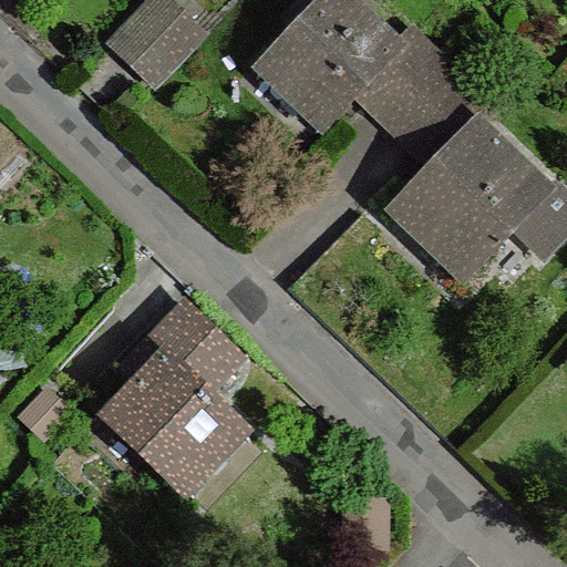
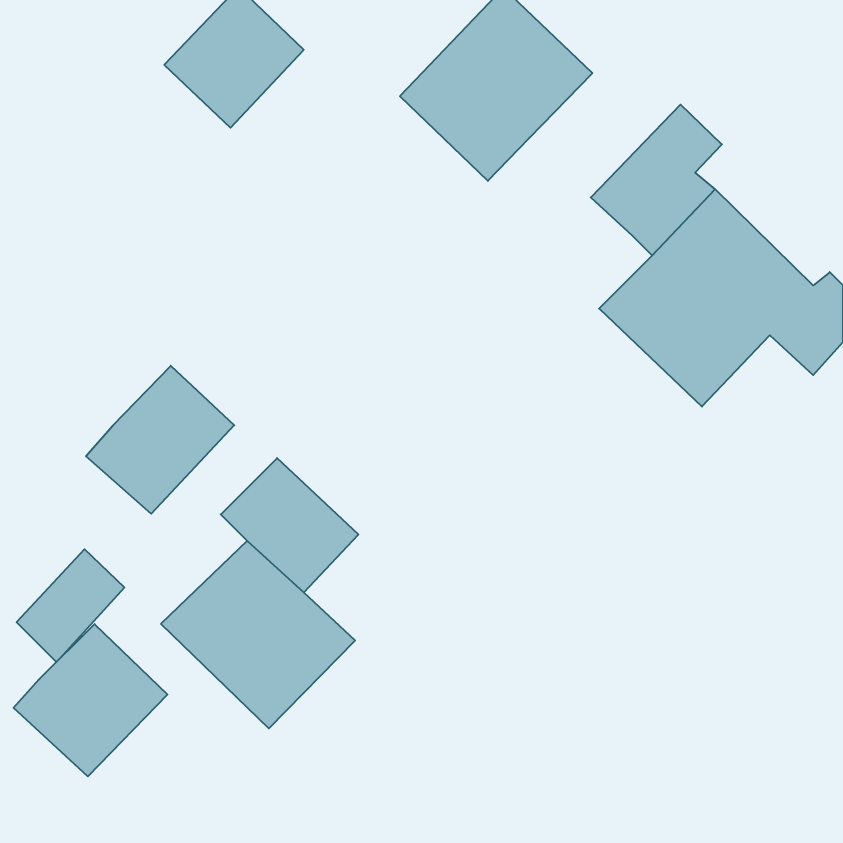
building: [353,42,454,132] -> none
building: none -> [86,366,234,514]
building: none -> [14,624,167,776]

